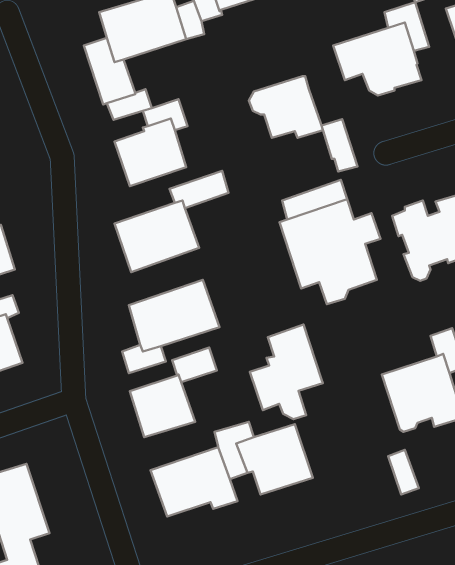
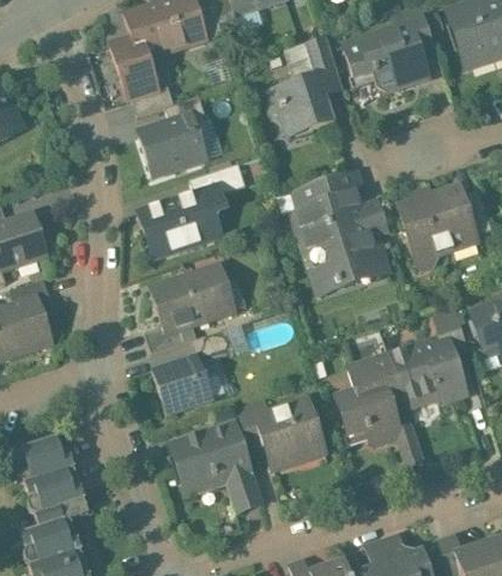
building: [322,119,357,172] -> [306,36,339,85]
building: [250,324,323,419] -> [339,353,407,442]
building: none -> [228,472,264,511]

